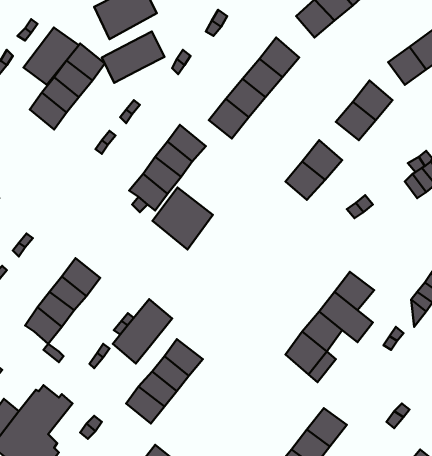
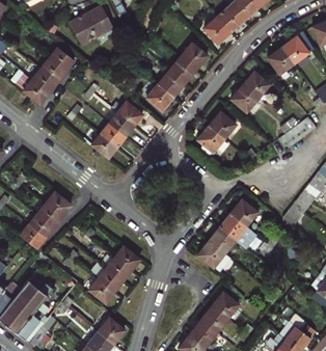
building: [23,27,79,85] -> none
building: [102,32,164,83] -> none
building: [153,188,213,250] -> none
building: [113,299,172,363] -> none

